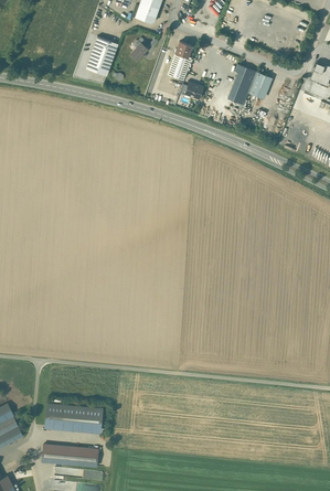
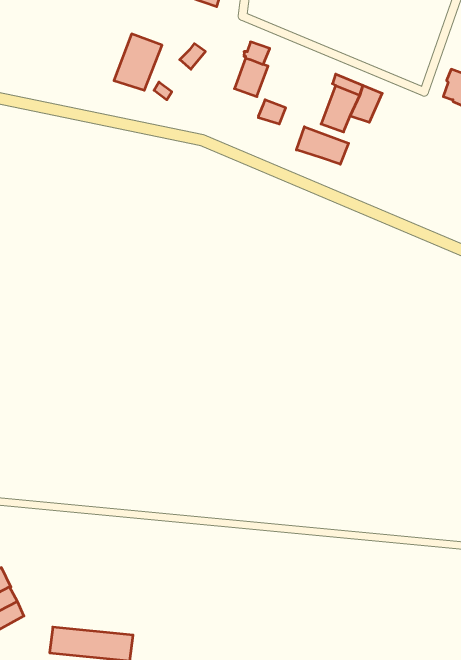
building: none -> [296,127,349,164]
building: [44,403,103,434] -> none

